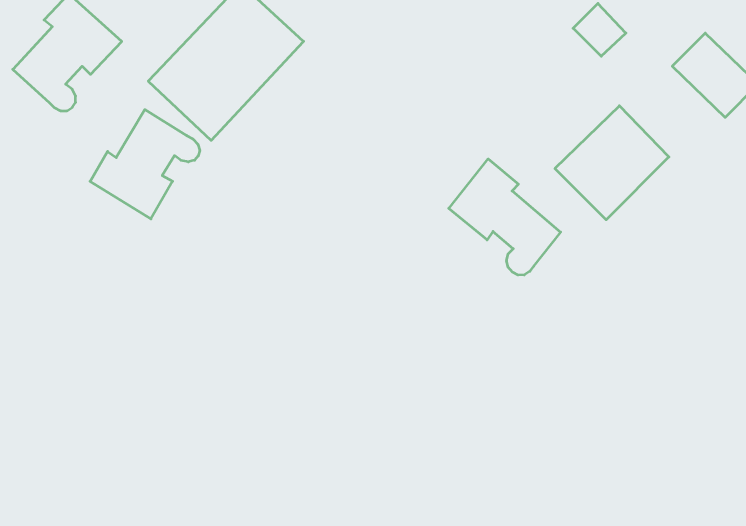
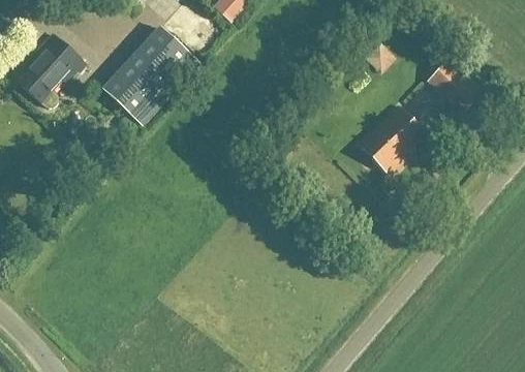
building: [90,110,200,219] -> none
building: [449,159,561,275] -> none

